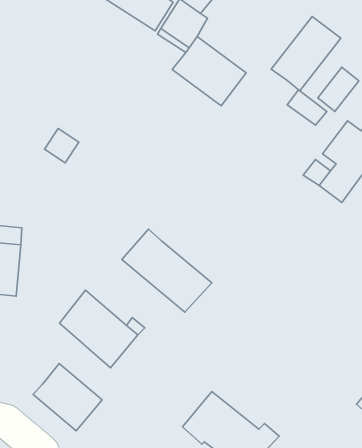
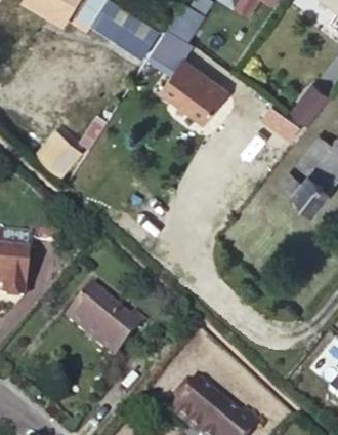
building: [271,17,341,91] -> none
building: [122,229,212,312] -> none
building: [33,363,102,431] -> none

